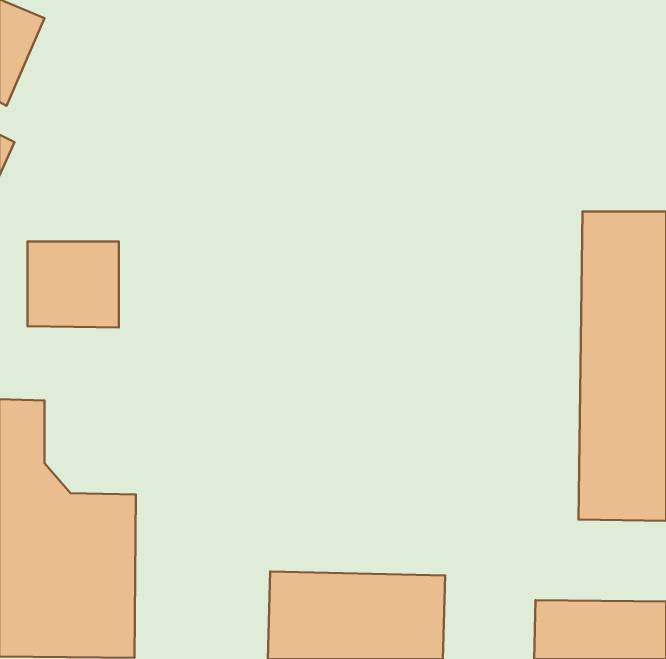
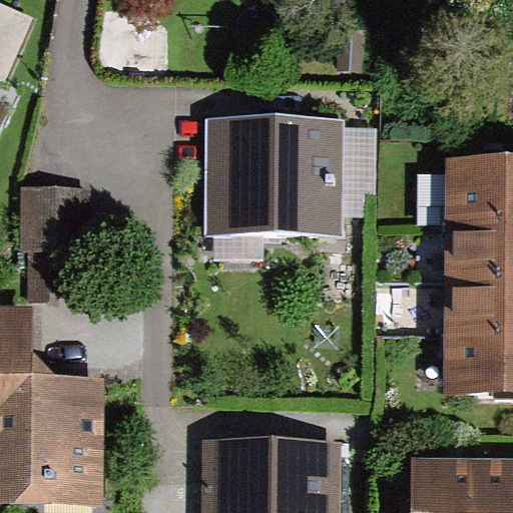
building: none -> [204,117,378,236]

